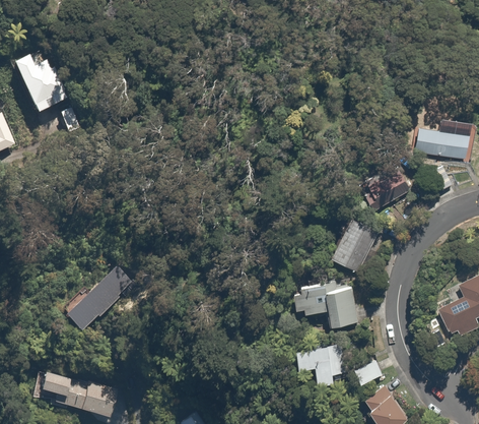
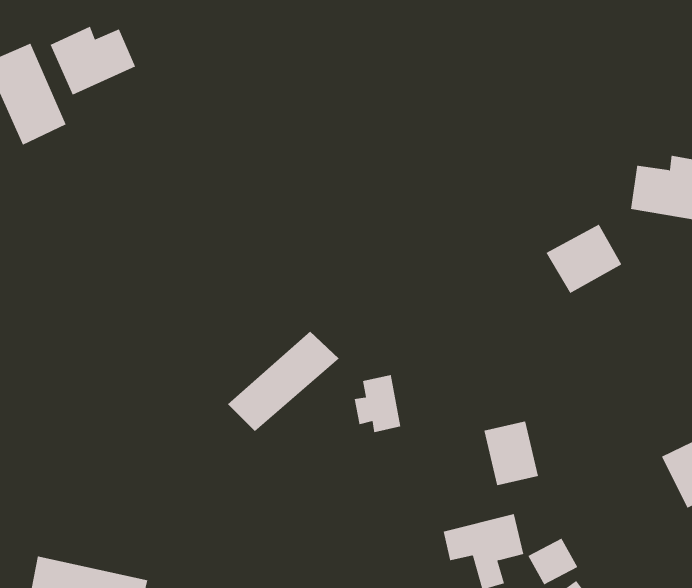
building: none -> [50,26,136,95]
building: [333,217,380,272] -> none
building: [62,265,132,328] -> [227,331,340,432]
building: [294,282,324,318] -> [354,374,401,433]

